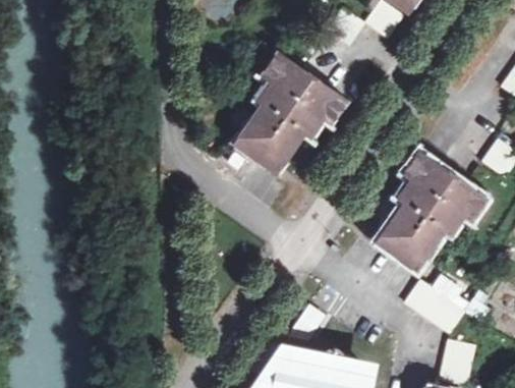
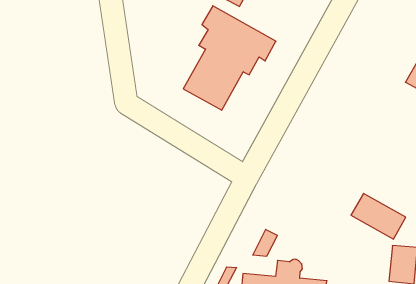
building: [377,151,484,267] -> none

